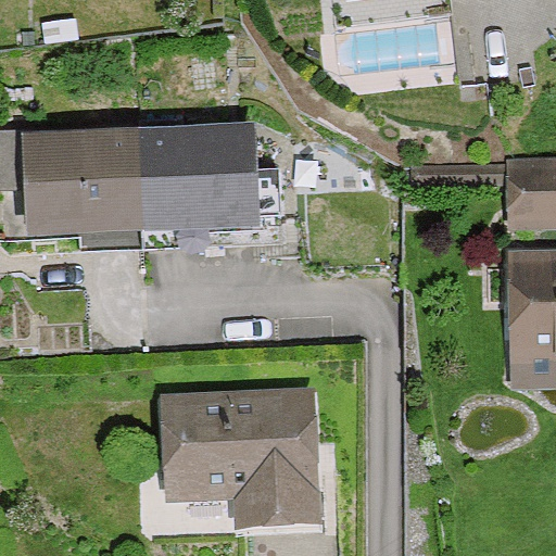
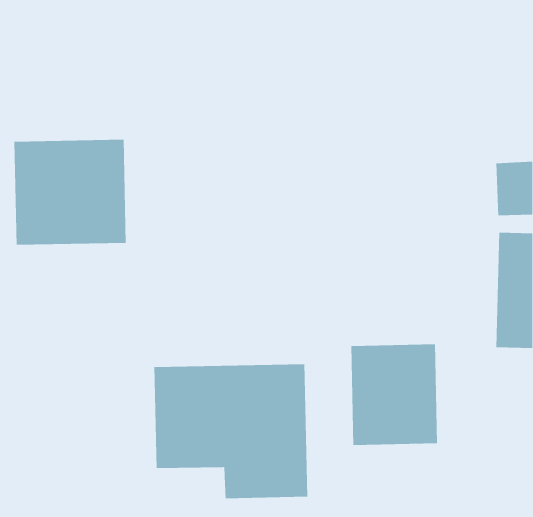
building: [129,143,245,253] -> none
building: none -> [350,344,438,446]

